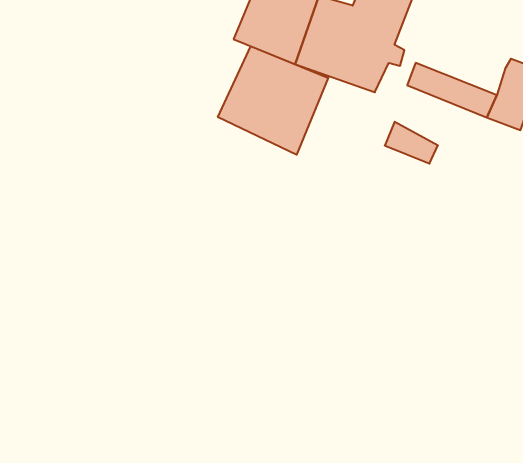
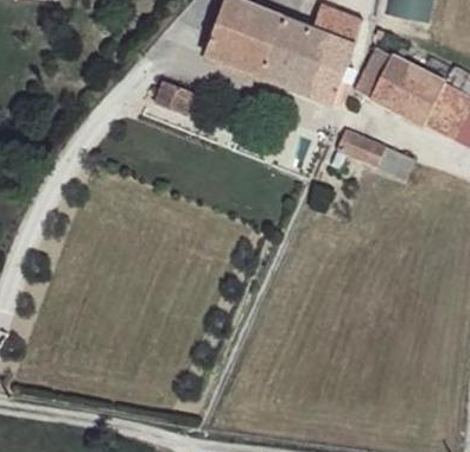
building: none -> [366,53,442,106]
building: [218,46,328,155] -> none

